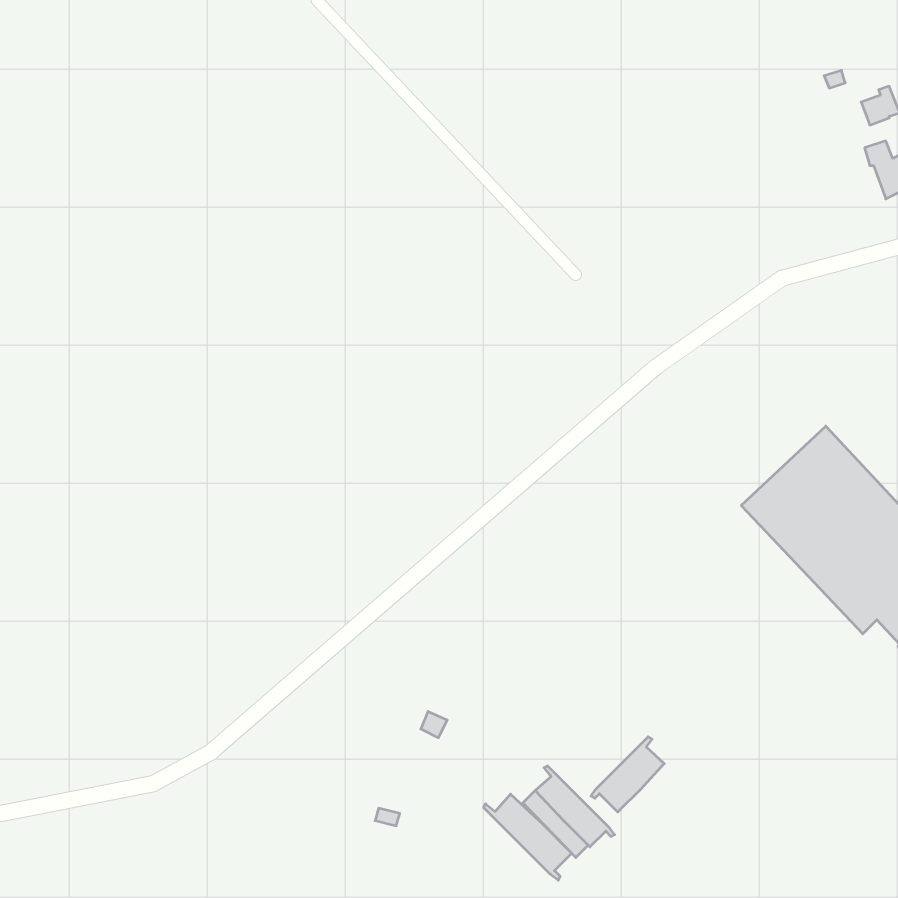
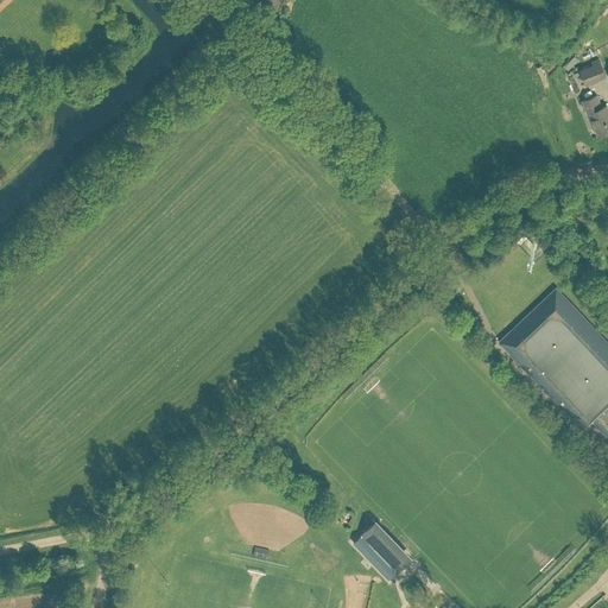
building: [591,737,664,812] -> none
building: [484,794,572,880] -> none

